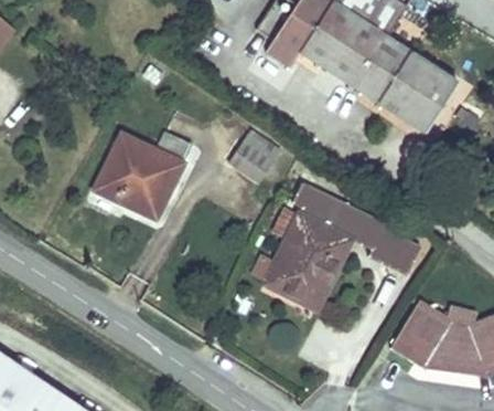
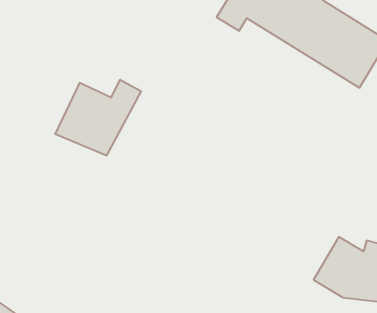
building: [230,128,278,178] -> none
building: [254,178,422,301] -> none

